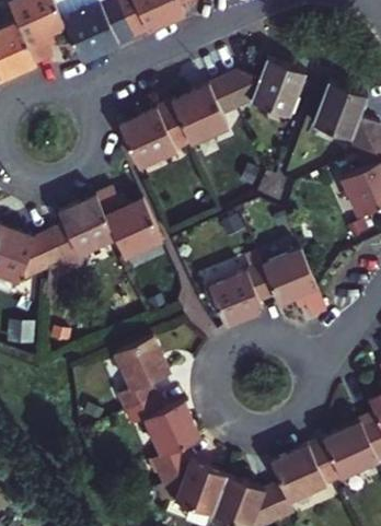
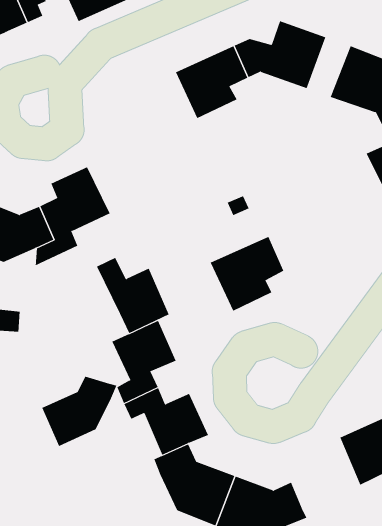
building: [120,105,192,172] -> none
building: [92,183,159,253] -> [96,257,169,334]
building: [257,237,324,308] -> none
building: none -> [41,376,117,447]
building: [270,439,340,505] -> none

